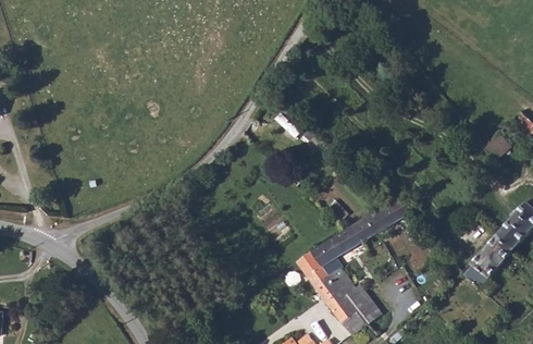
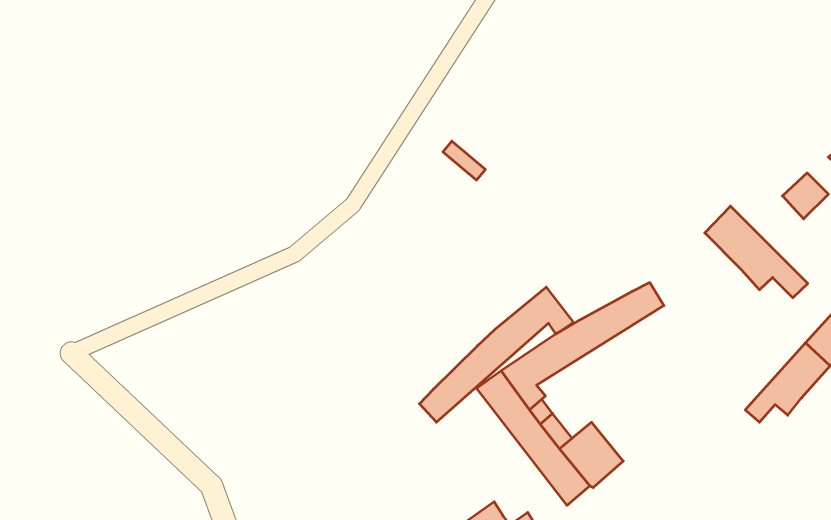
building: none -> [705,206,808,298]
building: none -> [419,287,574,422]

